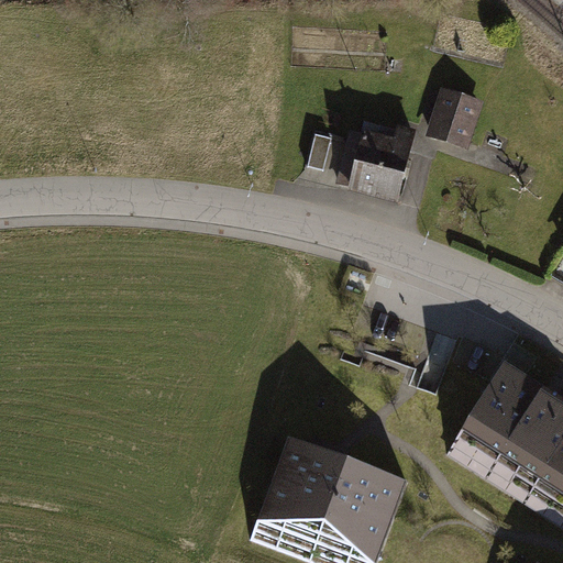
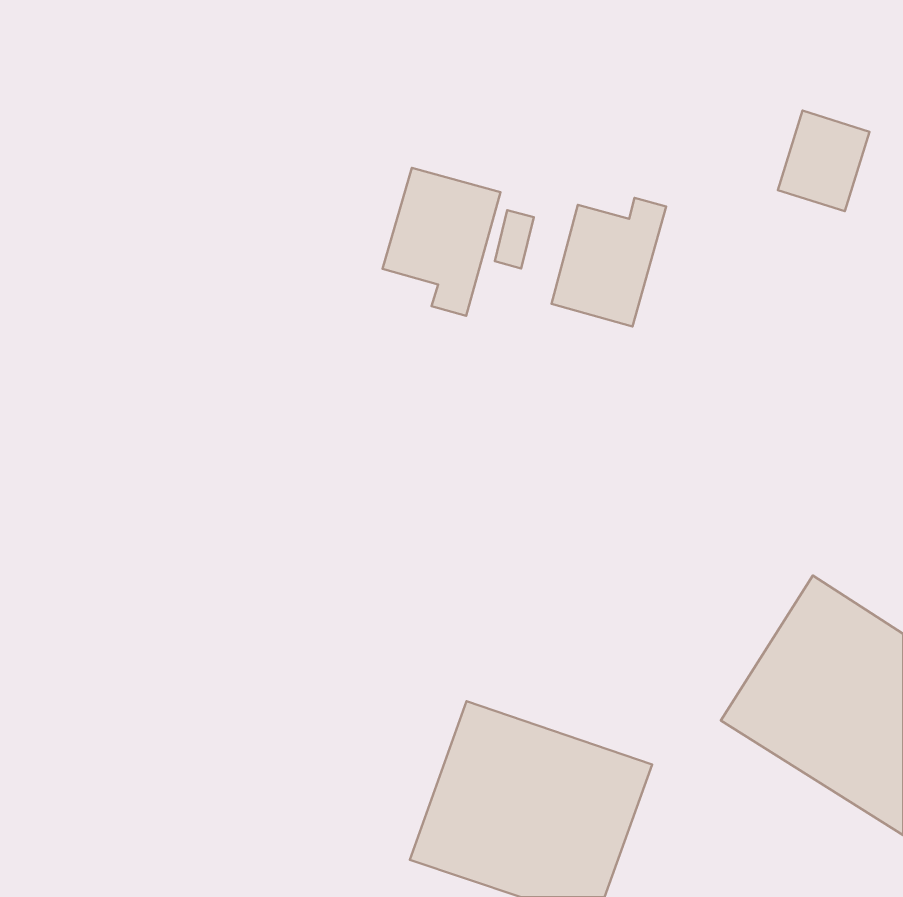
building: [422,85,479,147] -> [778,111,870,211]
building: none -> [382,168,501,316]

